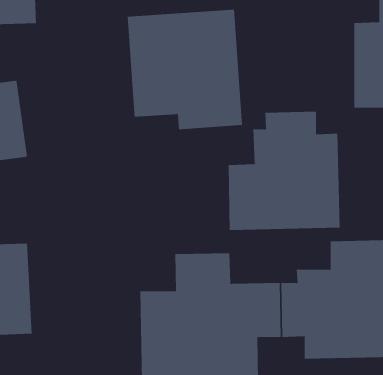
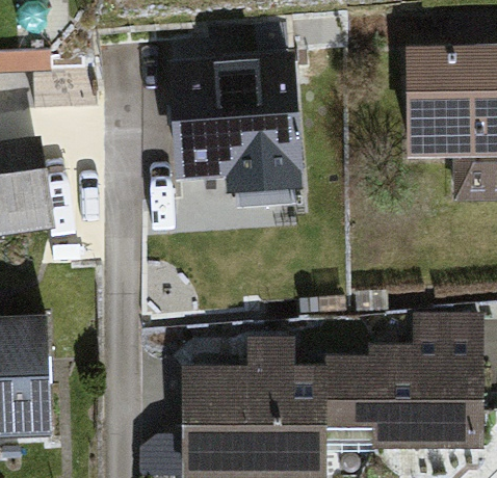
building: [228,111,340,231] -> none

